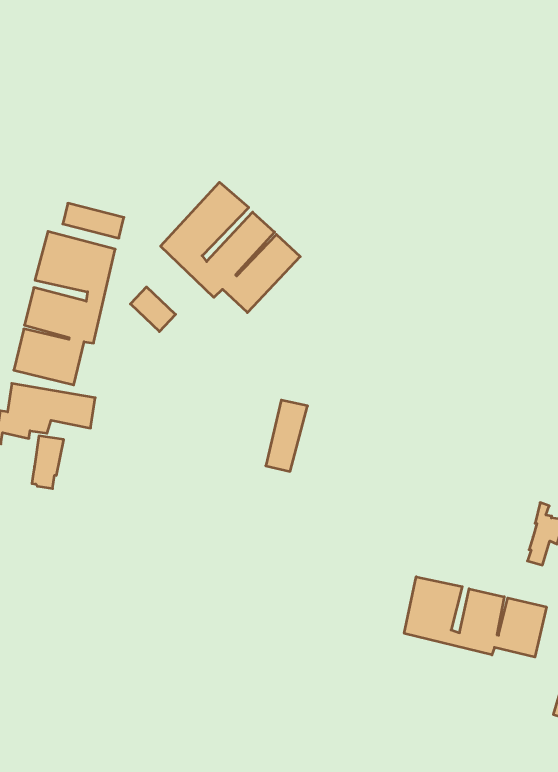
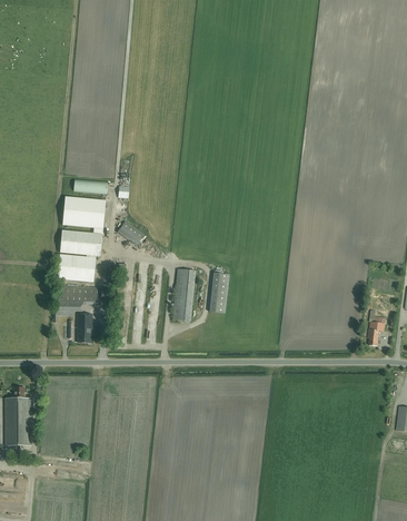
building: [161,182,300,313] -> none
building: none -> [171,268,193,322]
building: [404,577,546,657] -> none

